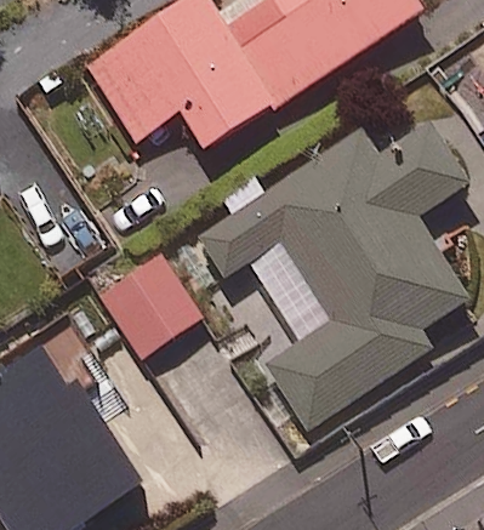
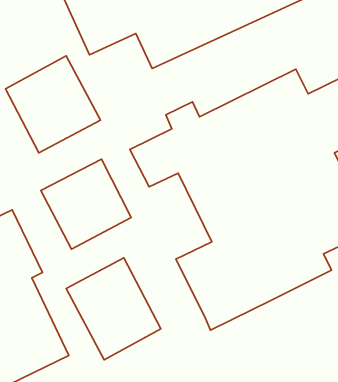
building: none -> [5,56,100,153]
building: none -> [66,258,161,360]

